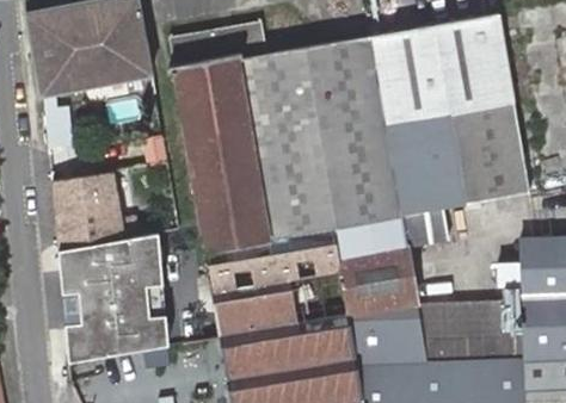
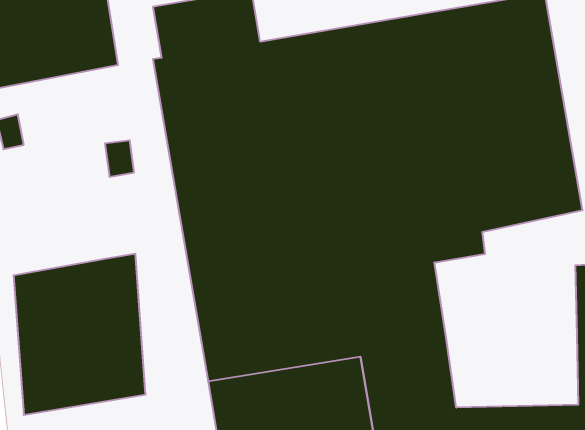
building: [56,170,140,248] -> none
building: [417,297,525,356] -> none

